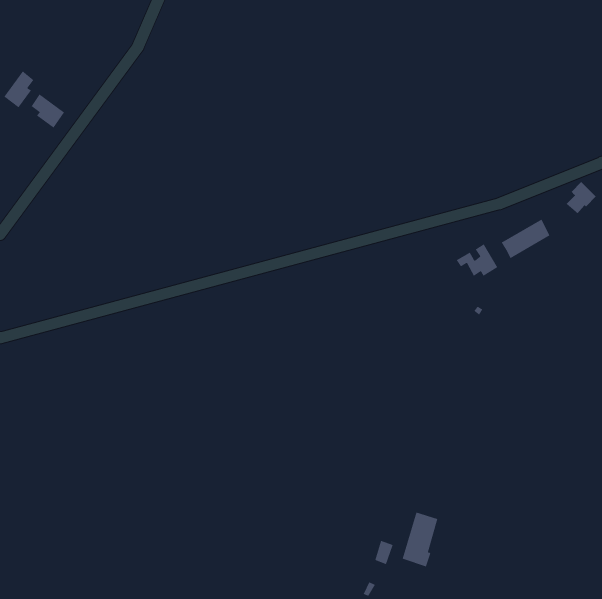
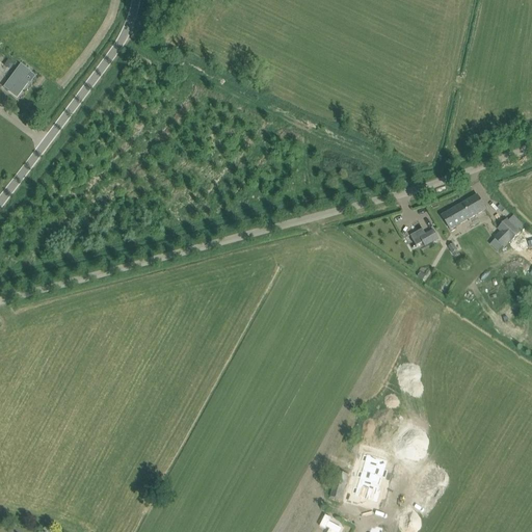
building: [31,93,65,128] -> none
building: [566,181,597,214] -> [494,217,521,246]

